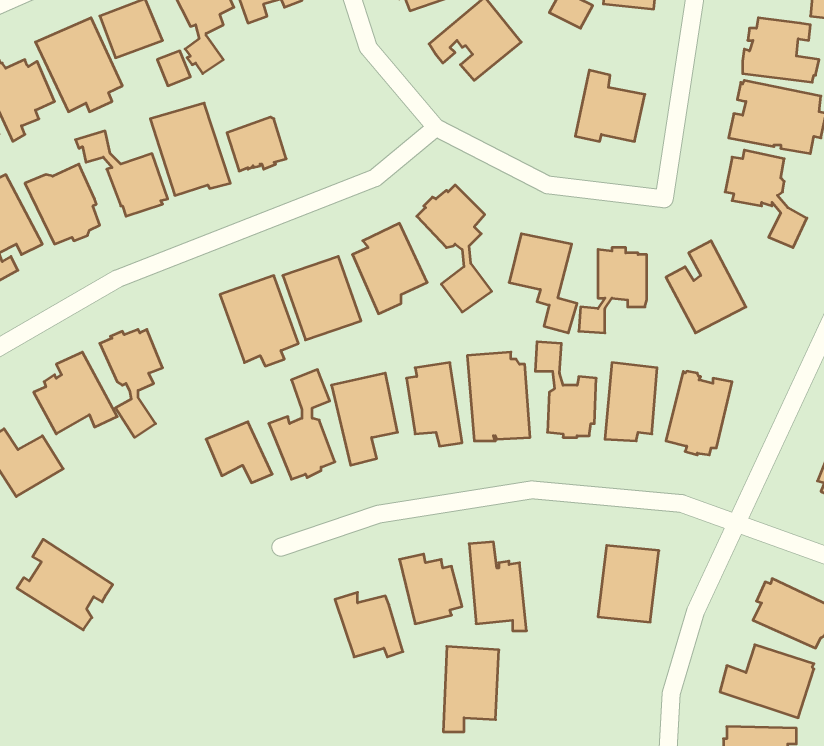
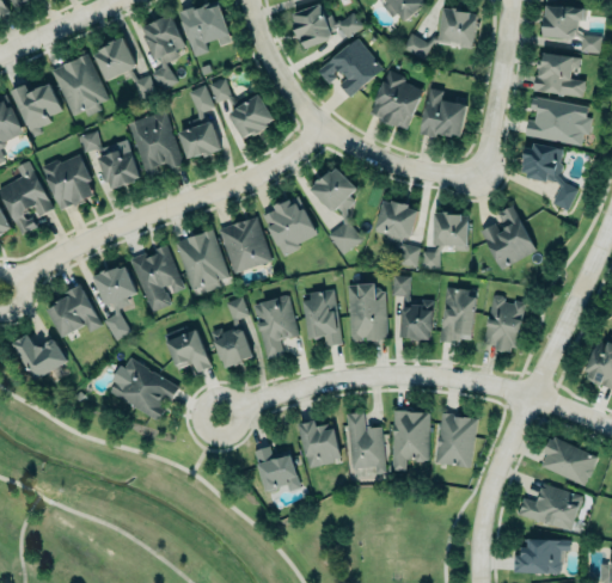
building: none -> [369,69,424,129]
building: none -> [209,78,275,137]
building: none -> [129,244,185,312]
building: [17,539,113,630] -> [112,357,178,419]
building: [443,646,499,732] -> [392,411,430,470]

